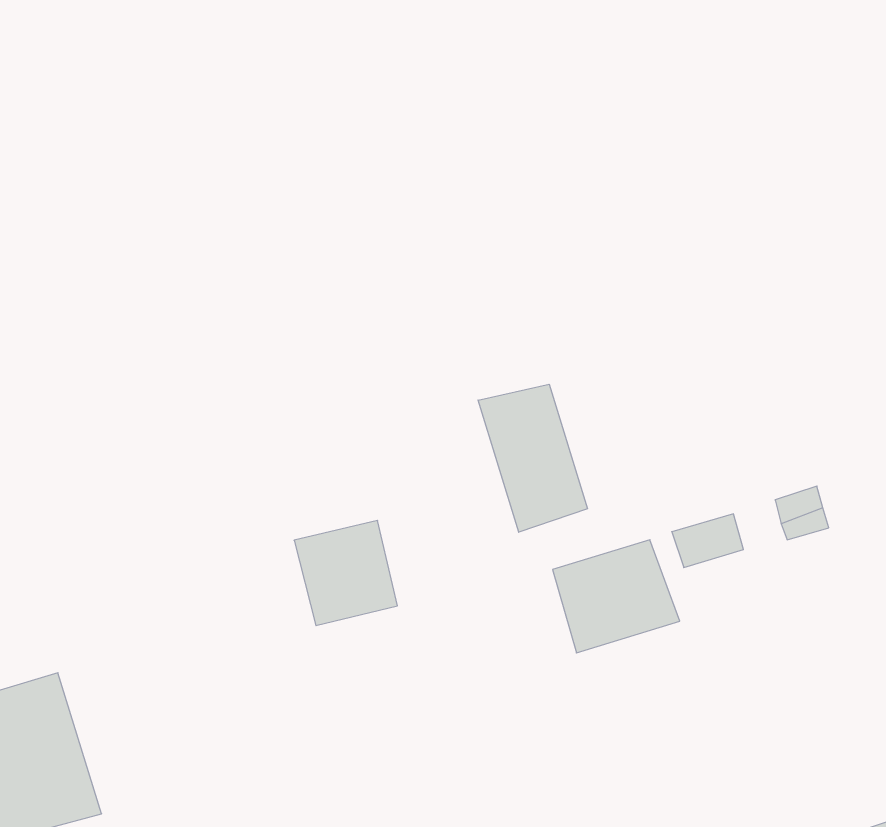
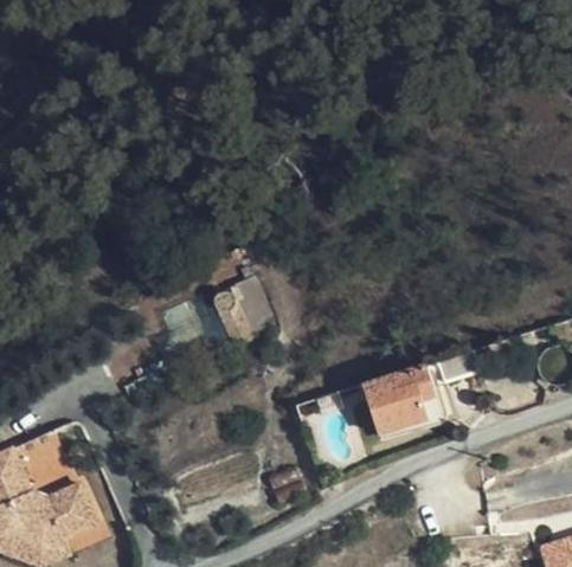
building: [478,384,588,532] -> none
building: [294,520,397,626] -> [214,277,276,340]

